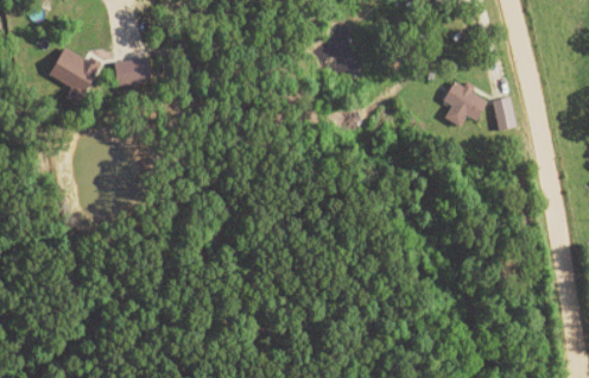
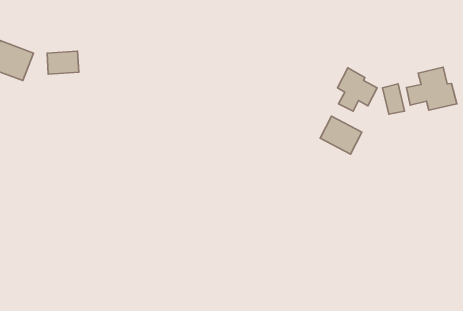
building: none -> [407,67,457,110]
building: none -> [320,116,362,154]

